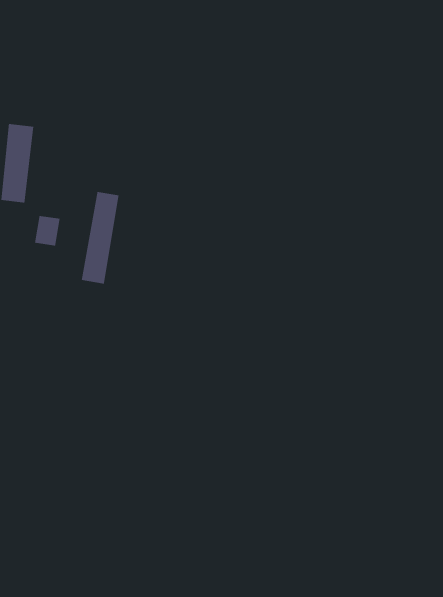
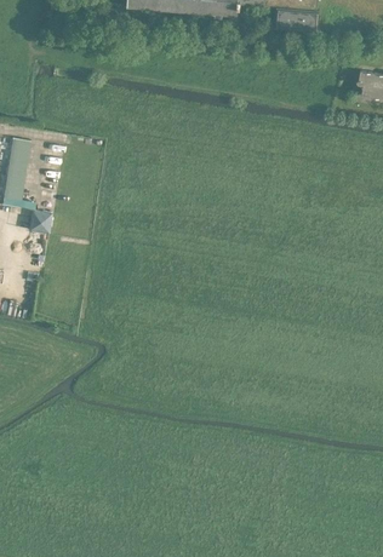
building: [81,191,119,285] -> none

